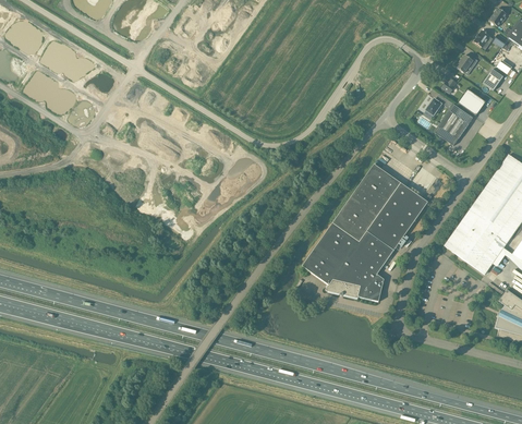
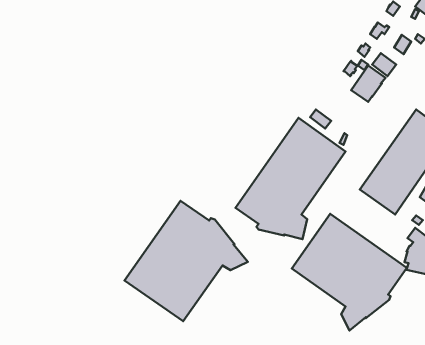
building: none -> [124,201,248,321]
building: none -> [292,214,407,331]

